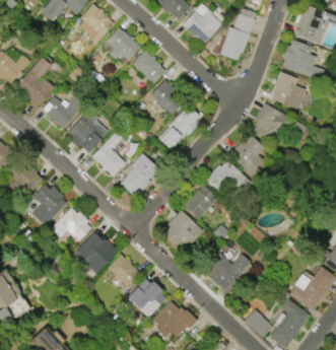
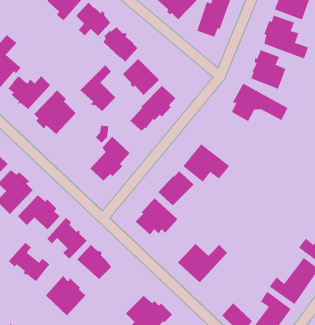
building: [91,131,126,176] -> [80,64,116,112]
building: [229,135,264,179] -> none
building: none -> [8,242,50,282]
building: [128,278,166,317] -> [45,275,86,316]

